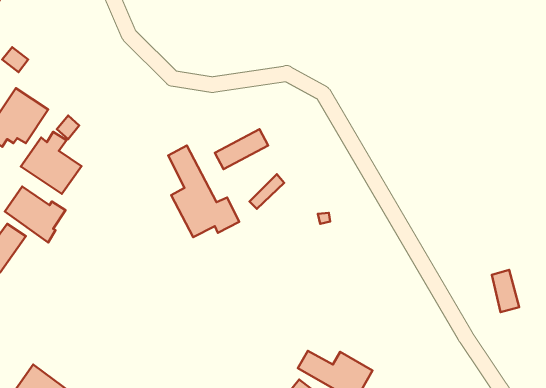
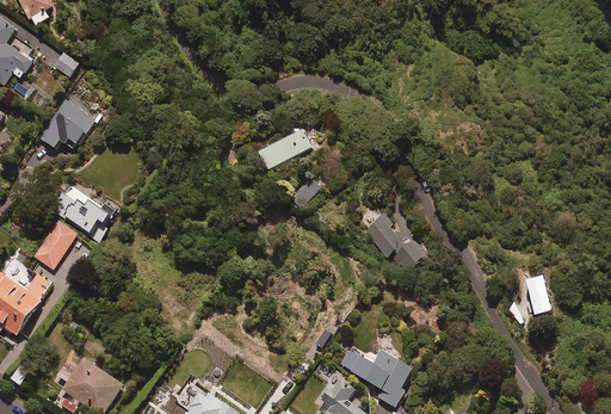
building: [21,132,82,194] -> none
building: [168,146,239,237] -> none
building: none -> [364,217,427,276]

